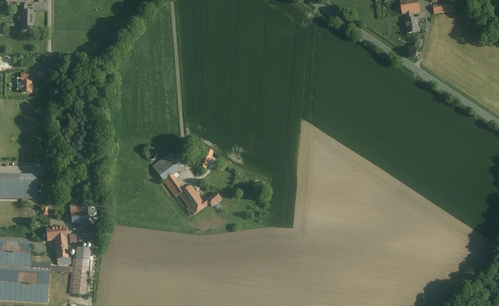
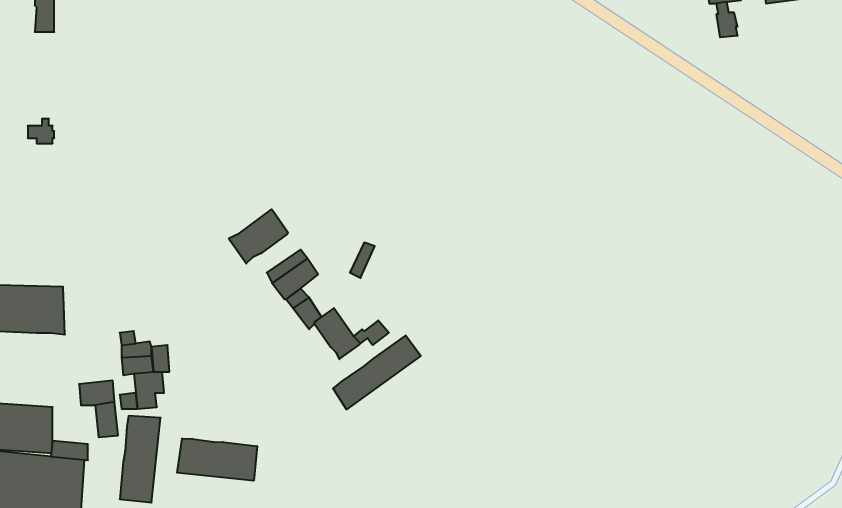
building: none -> [229,209,288,264]
building: none -> [333,335,421,410]
building: none -> [177,438,257,481]

